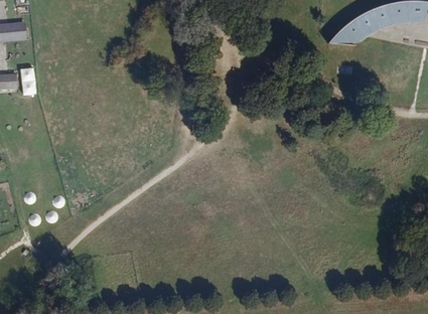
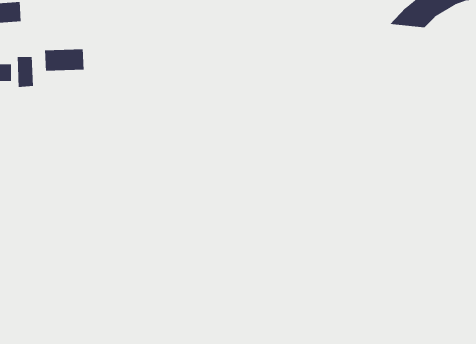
building: none -> [44,48,84,72]

